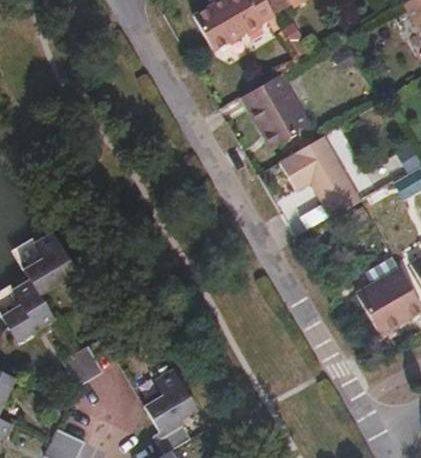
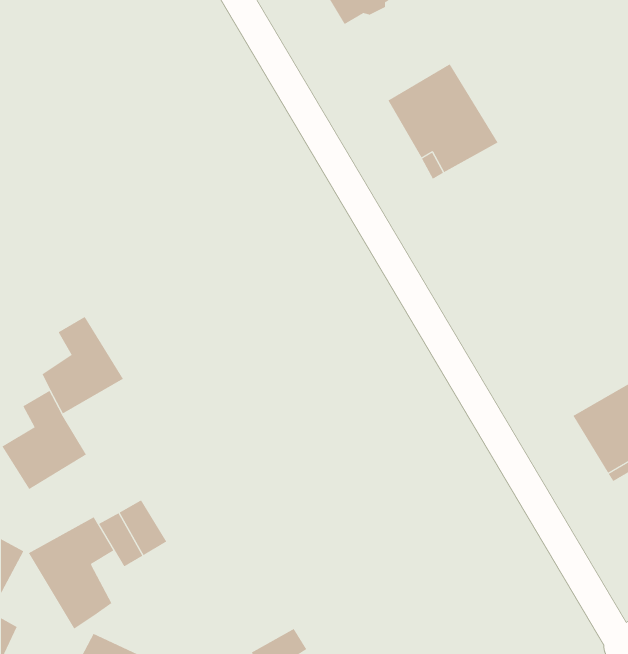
building: [278,136,360,217] -> none
building: none -> [28,516,114,629]
building: [145,368,200,431] -> none

